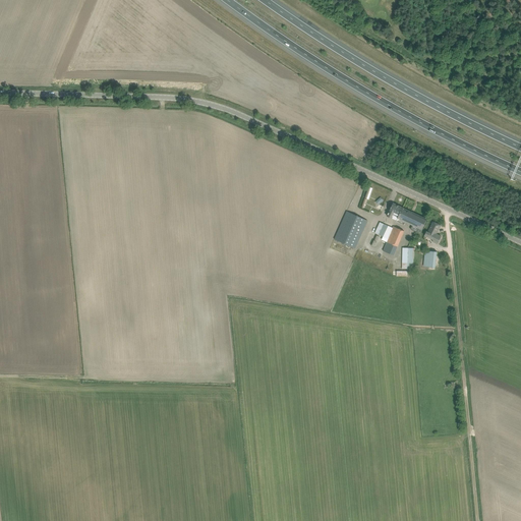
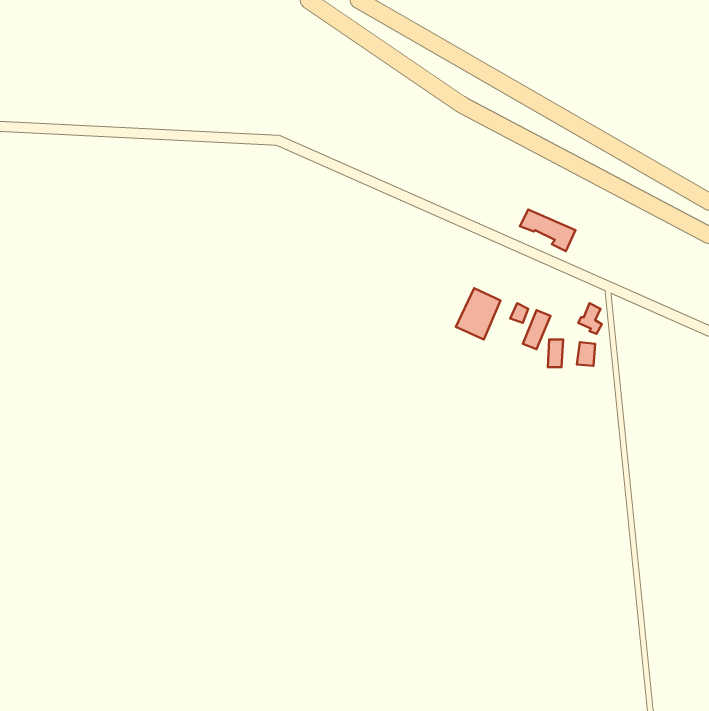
building: [386,204,426,234] -> [520,209,576,251]

